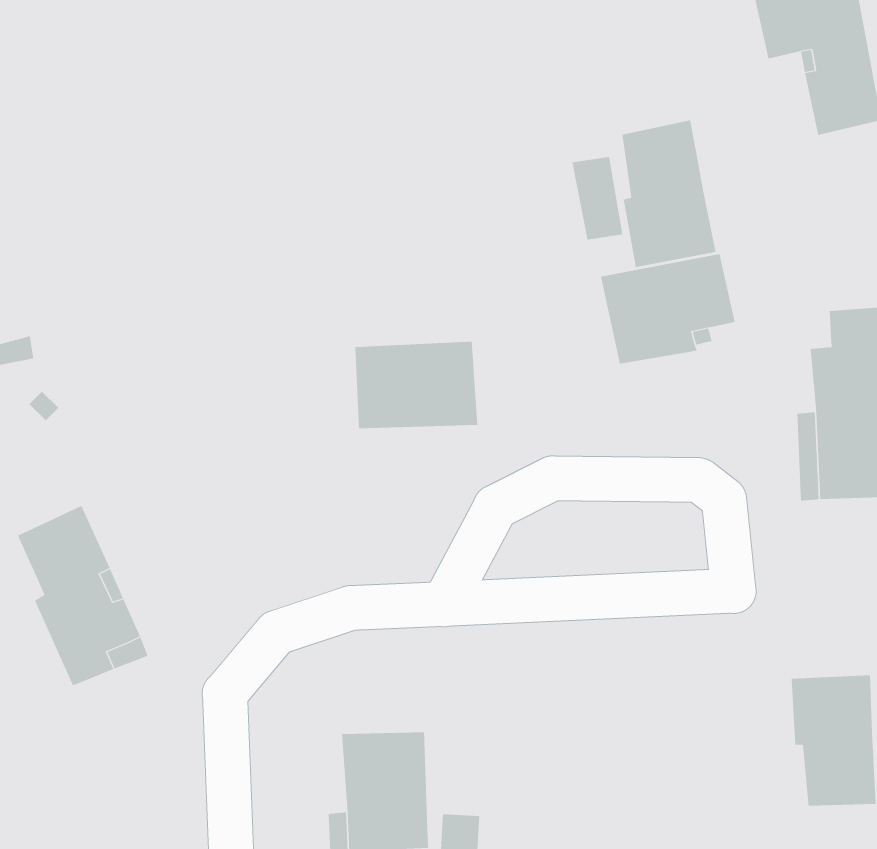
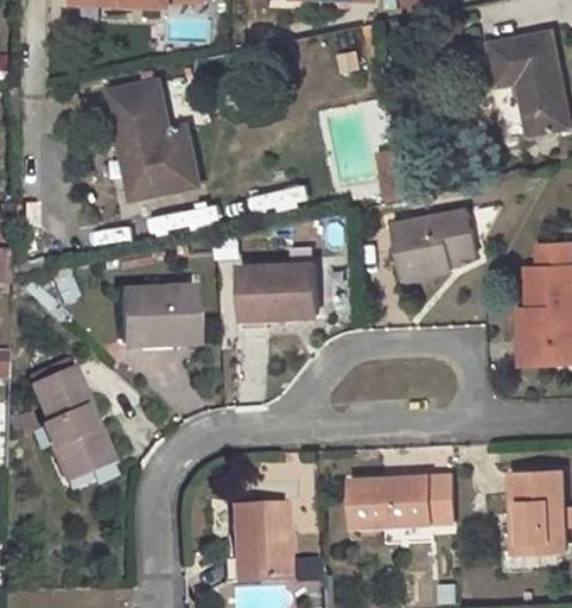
building: none -> [113,80,201,196]
building: [622,120,716,268] -> none
building: none -> [121,290,197,346]
building: none -> [351,476,457,526]

